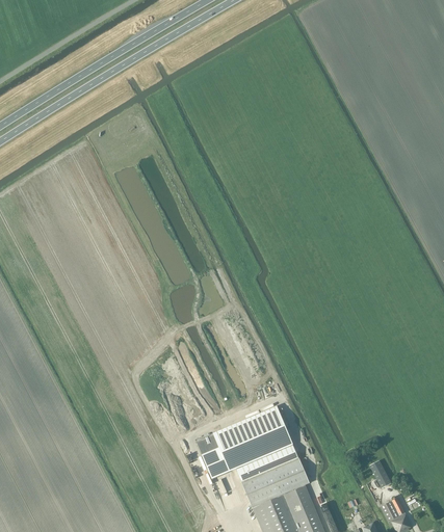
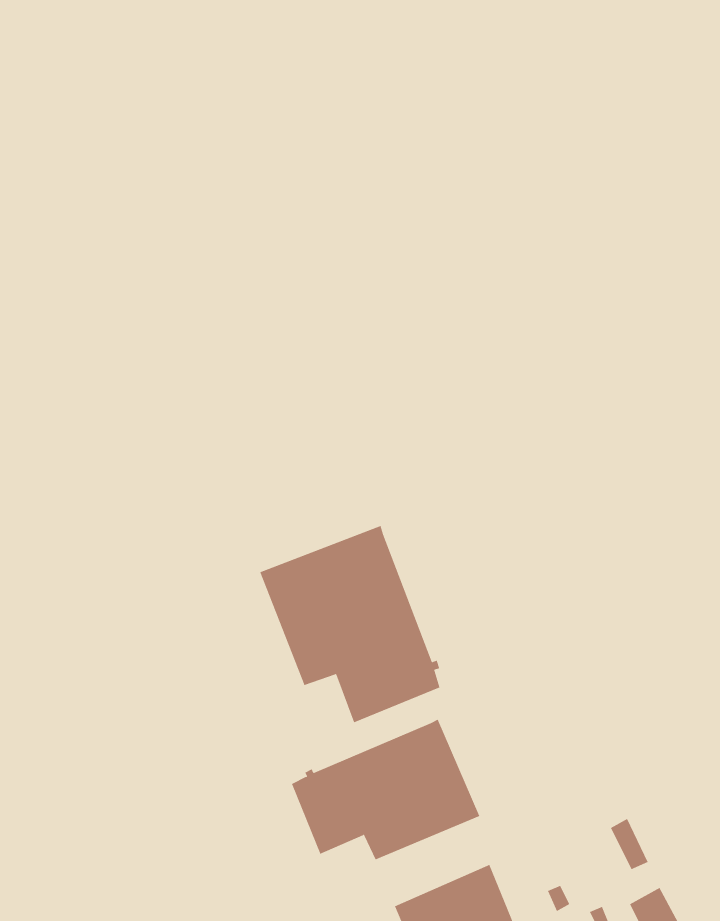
building: none -> [259,525,440,723]
building: [242,459,310,509] -> none

